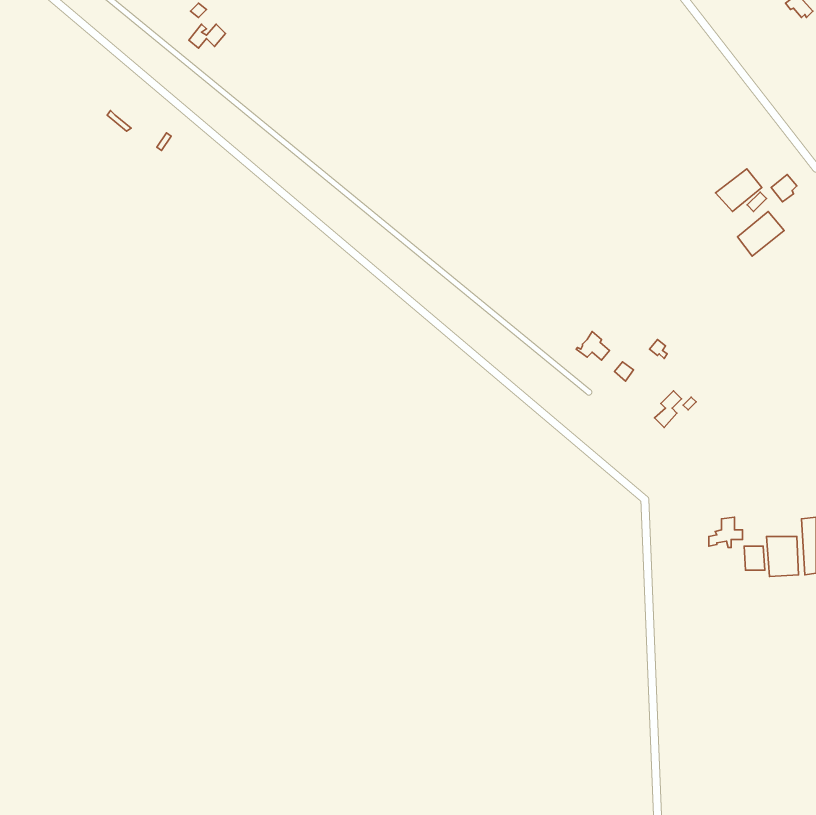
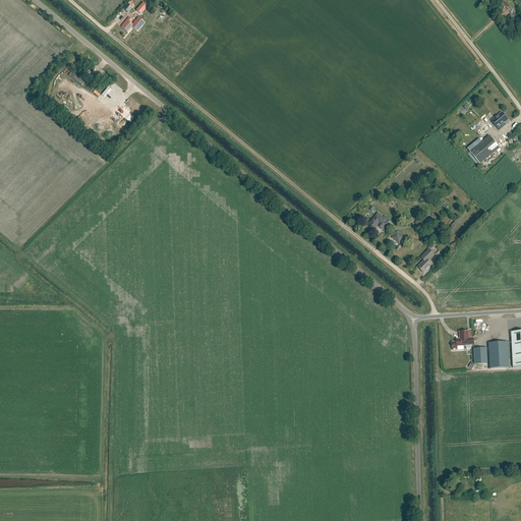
building: [716,169,762,211] -> none

